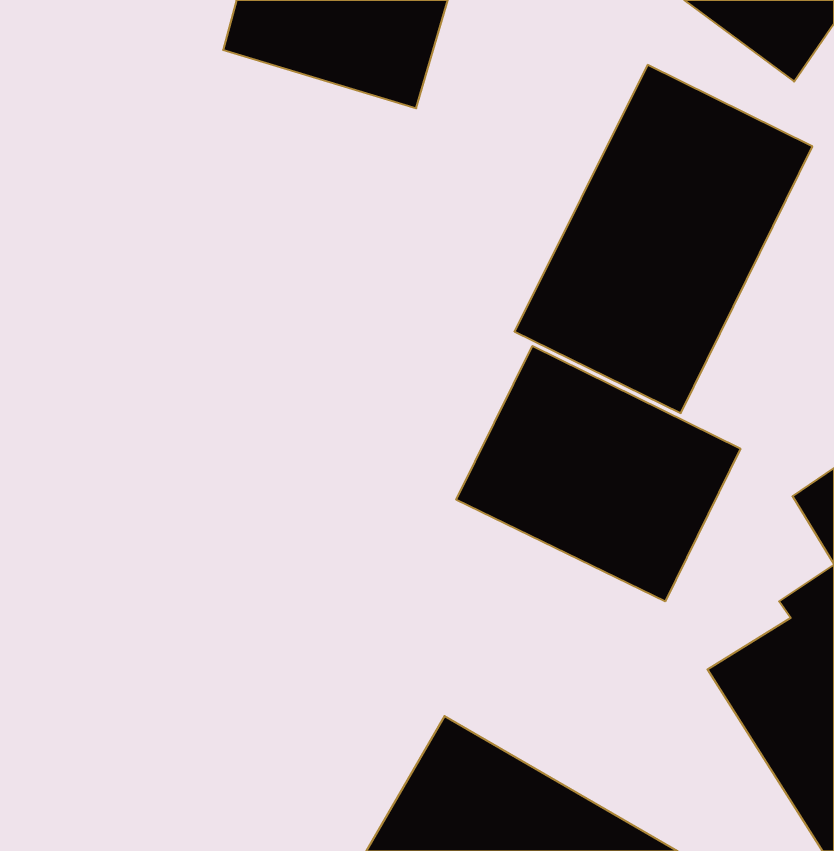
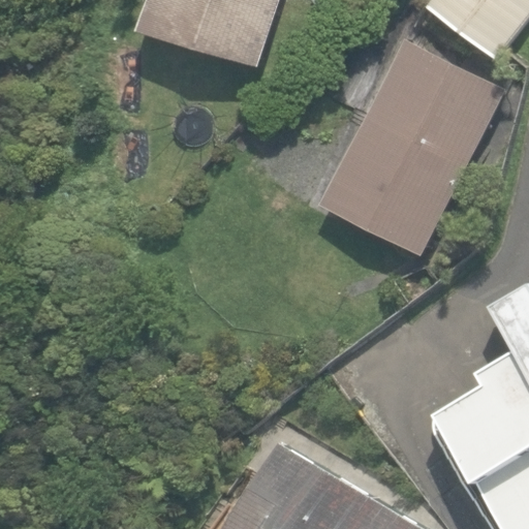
building: [456,346,740,601] -> none

